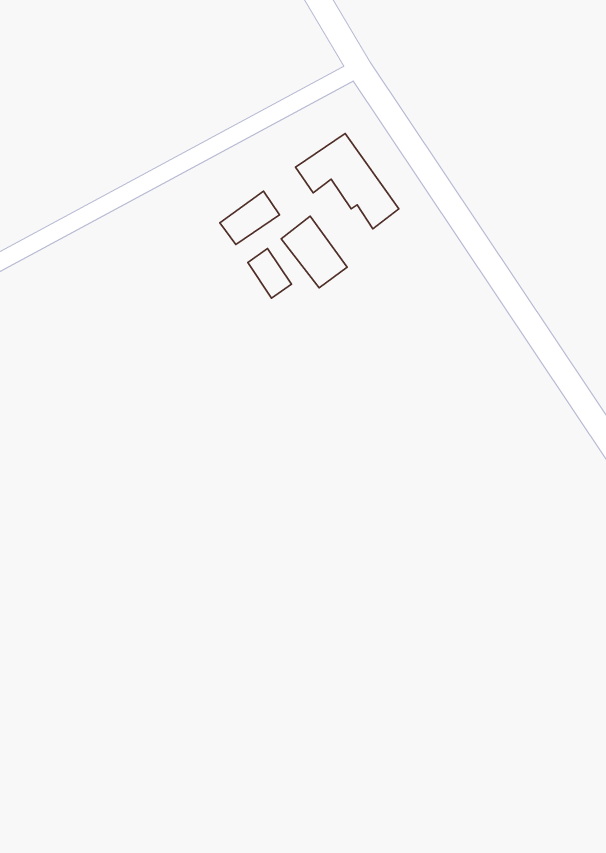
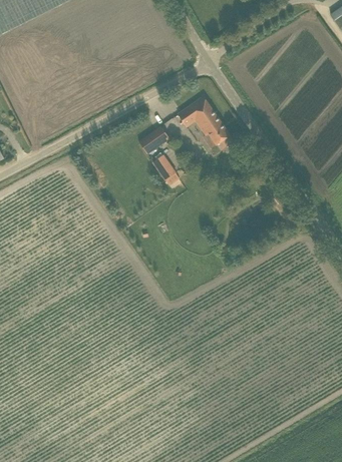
building: [281,216,347,288] -> none

